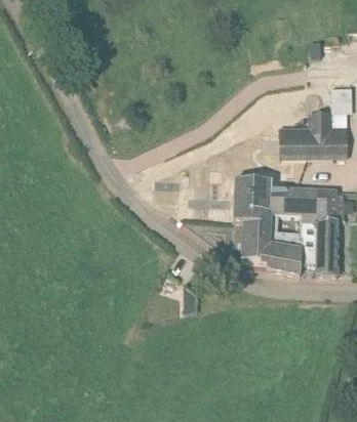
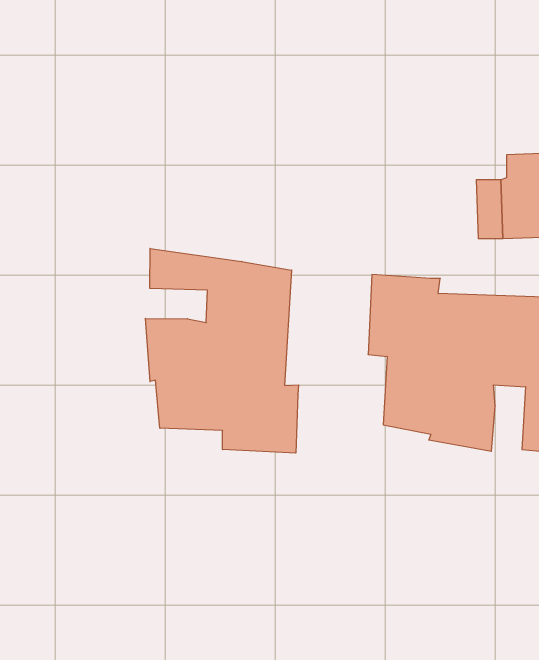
building: none -> [145,248,299,453]

